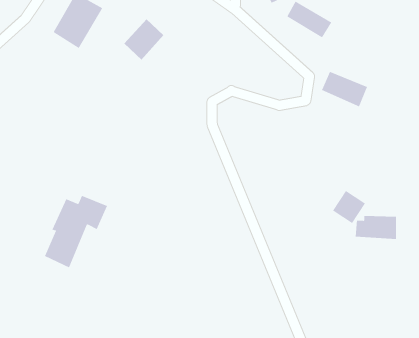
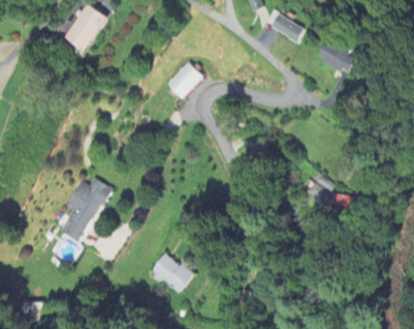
building: [124,18,164,60] -> [166,62,201,98]
building: [321,71,368,107] -> [317,42,357,73]
building: none -> [150,252,195,295]

